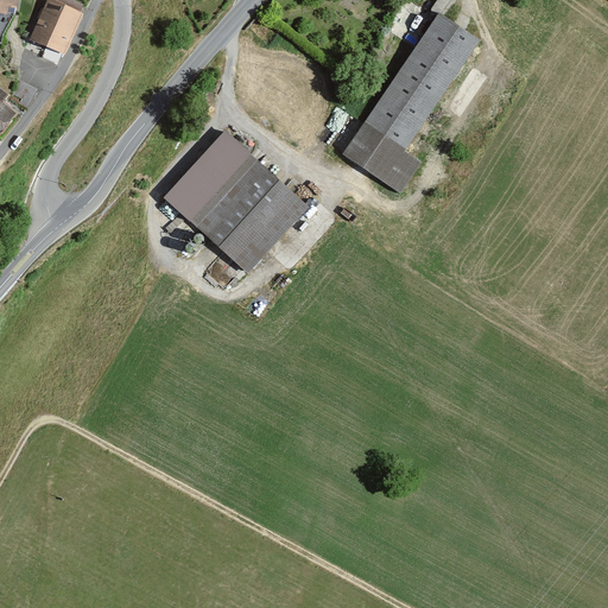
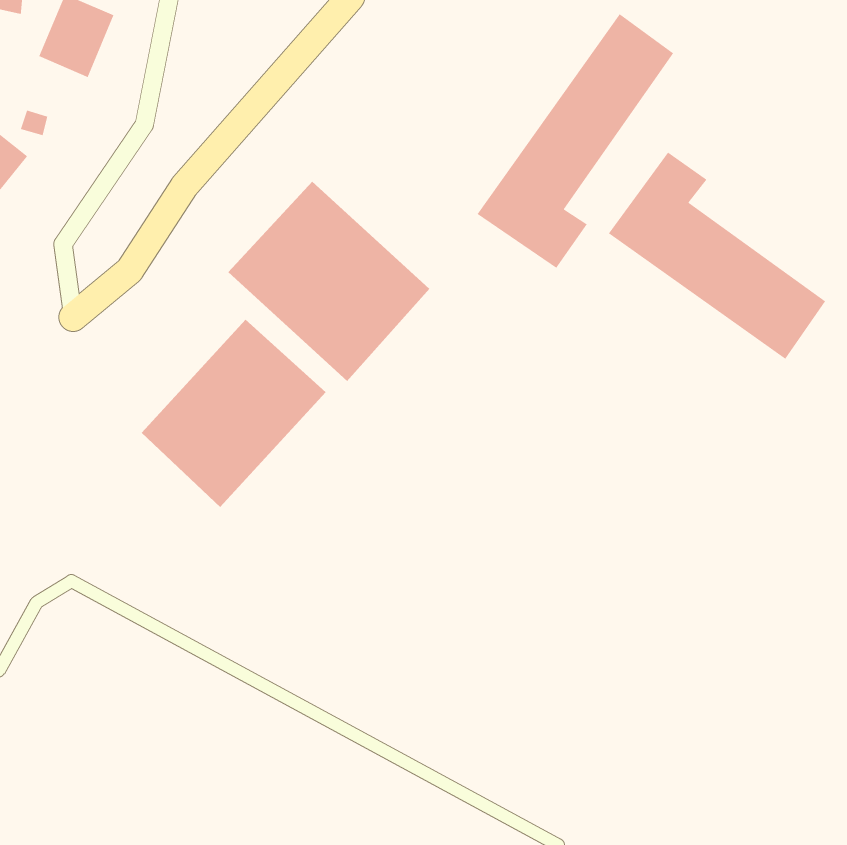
building: none -> [608,151,826,360]
building: none -> [141,319,326,508]

